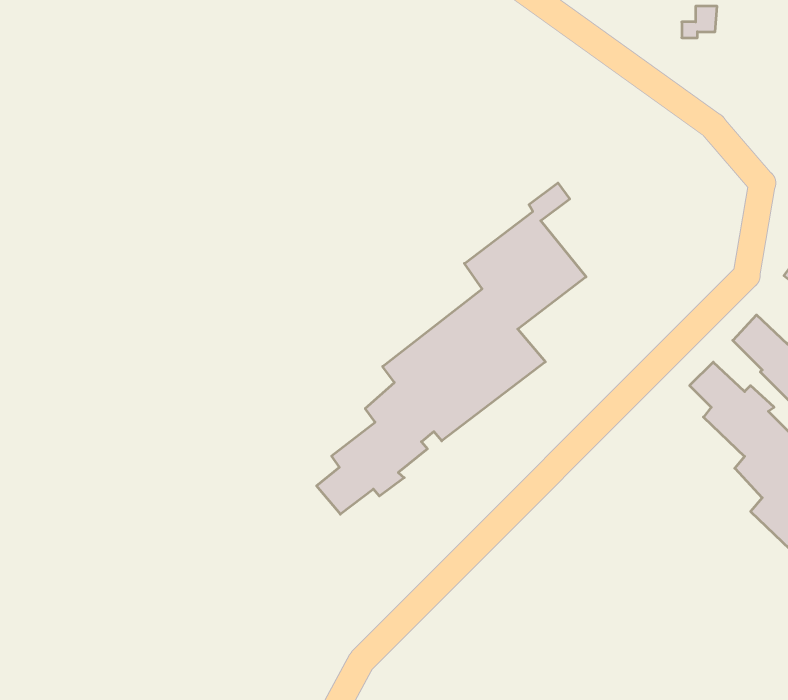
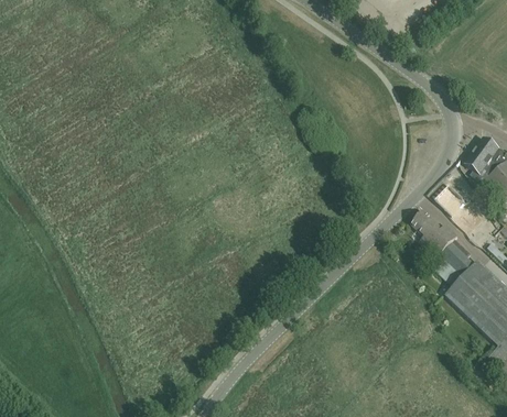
building: [317,183,586,514] -> none

